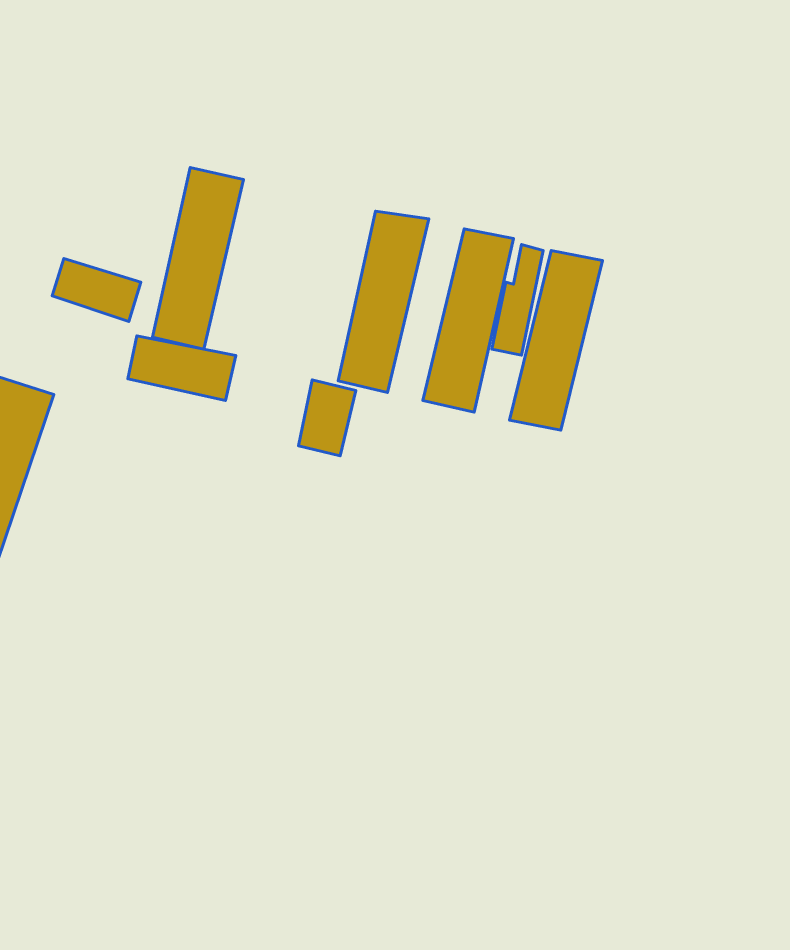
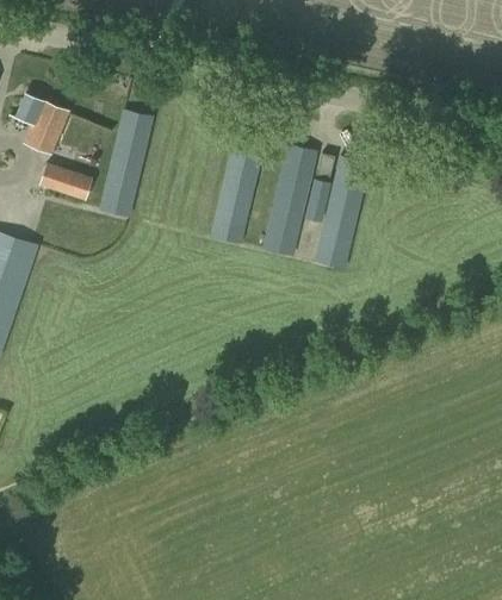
building: none -> [14,93,70,156]
building: [128,336,236,401] -> none
building: [299,380,356,456] -> none

